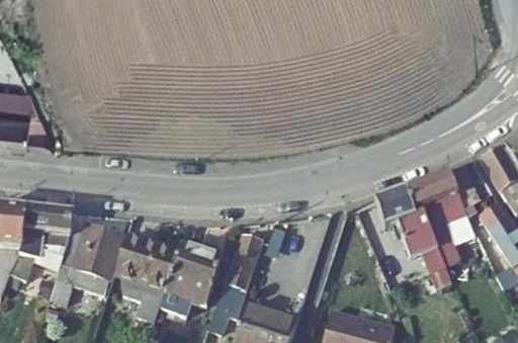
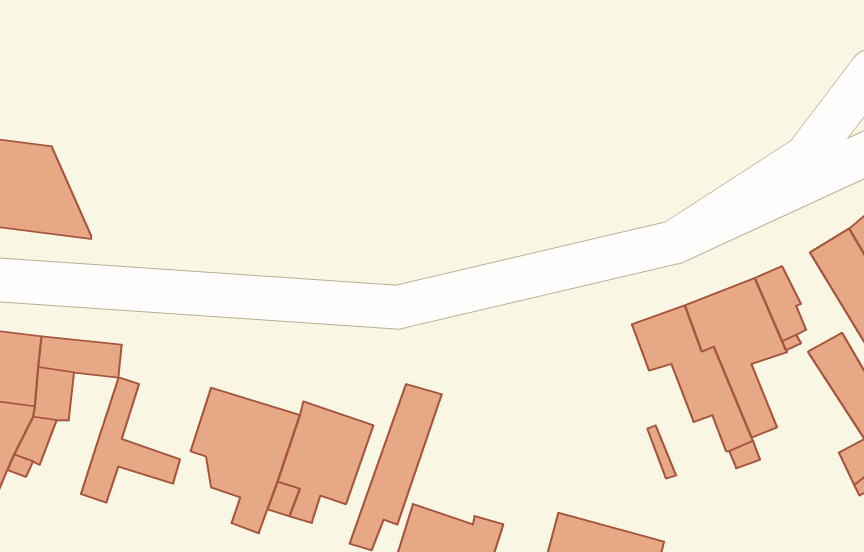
building: [73,223,121,278] -> none
building: [32,227,71,270] -> none

